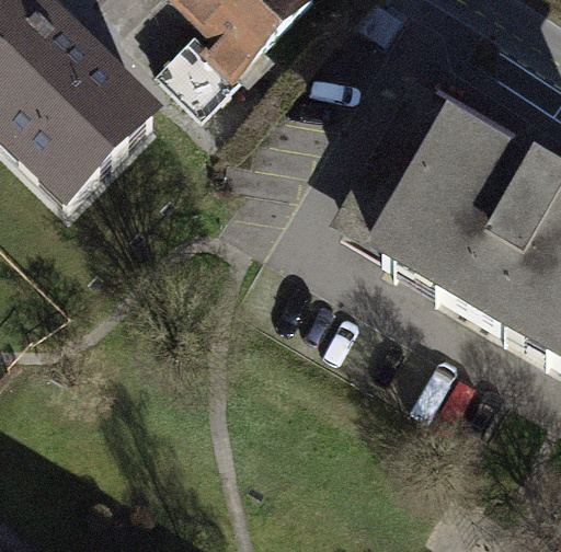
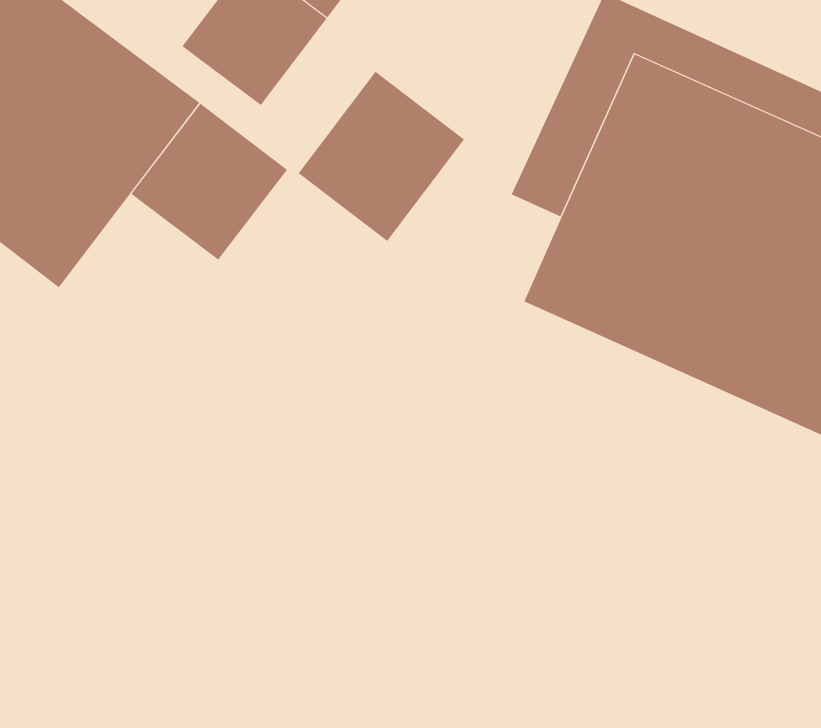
building: none -> [298,71,465,242]
building: none -> [131,103,288,261]

